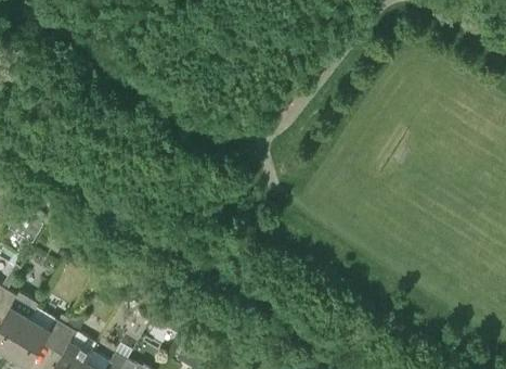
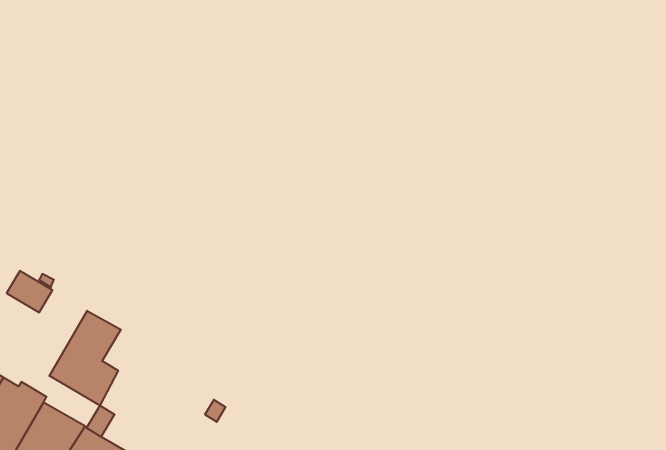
building: none -> [49,311,121,406]

